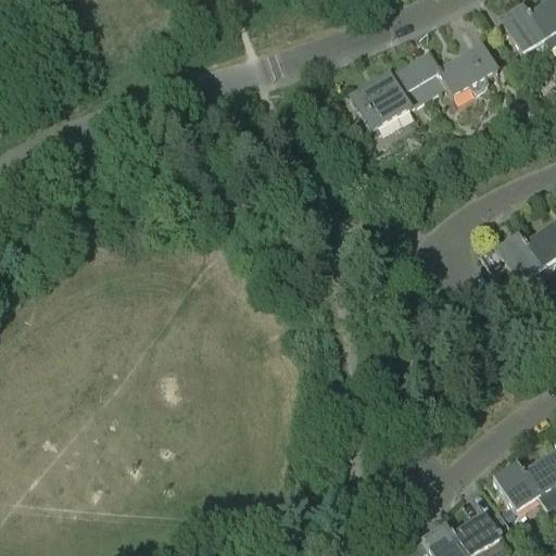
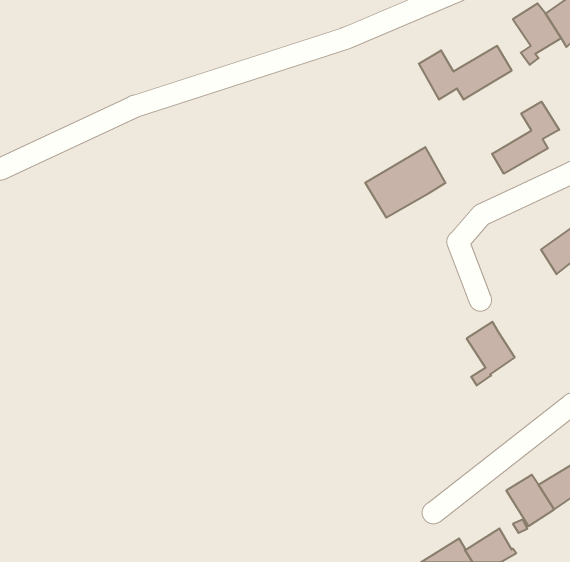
building: [350,62,428,130] -> [365,147,446,218]
building: none -> [492,102,559,174]
building: [495,231,542,293] -> [467,322,515,386]

